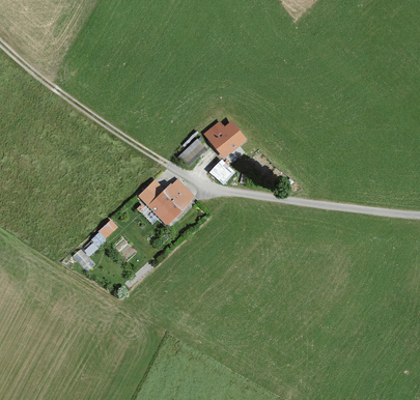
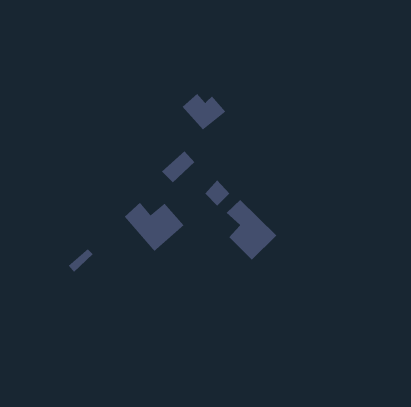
building: [205,122,245,155] -> [182,93,226,130]
building: none -> [226,199,277,261]

